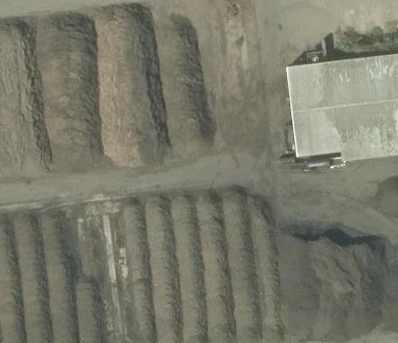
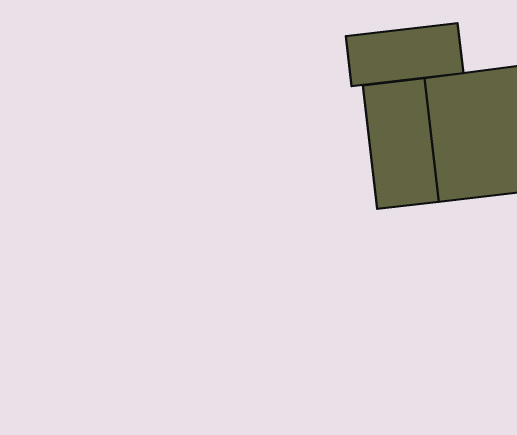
building: none -> [346,23,463,86]

